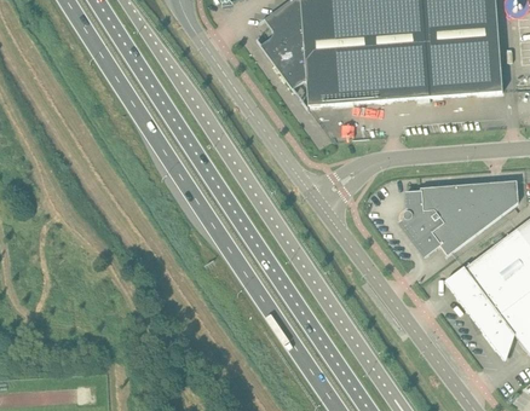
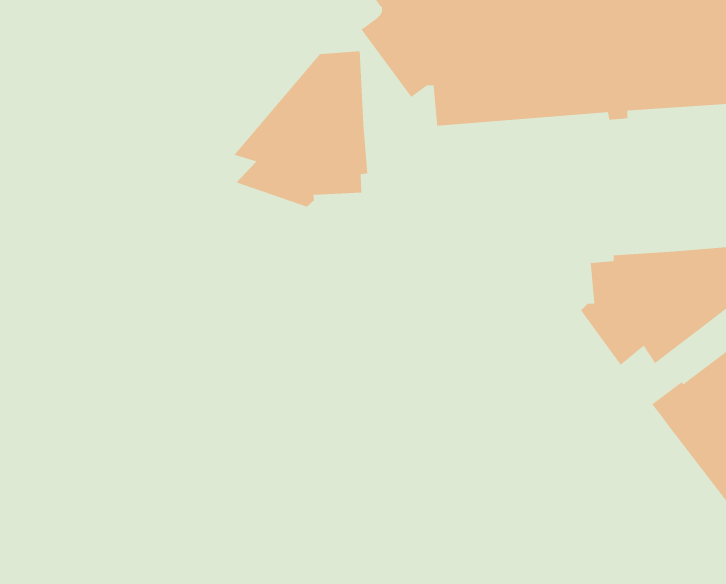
building: none -> [233,50,368,207]

